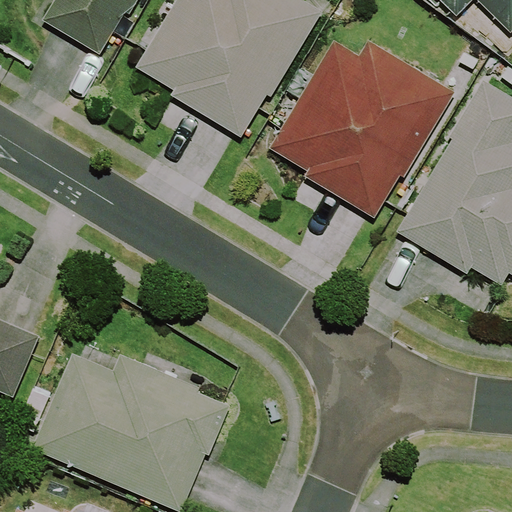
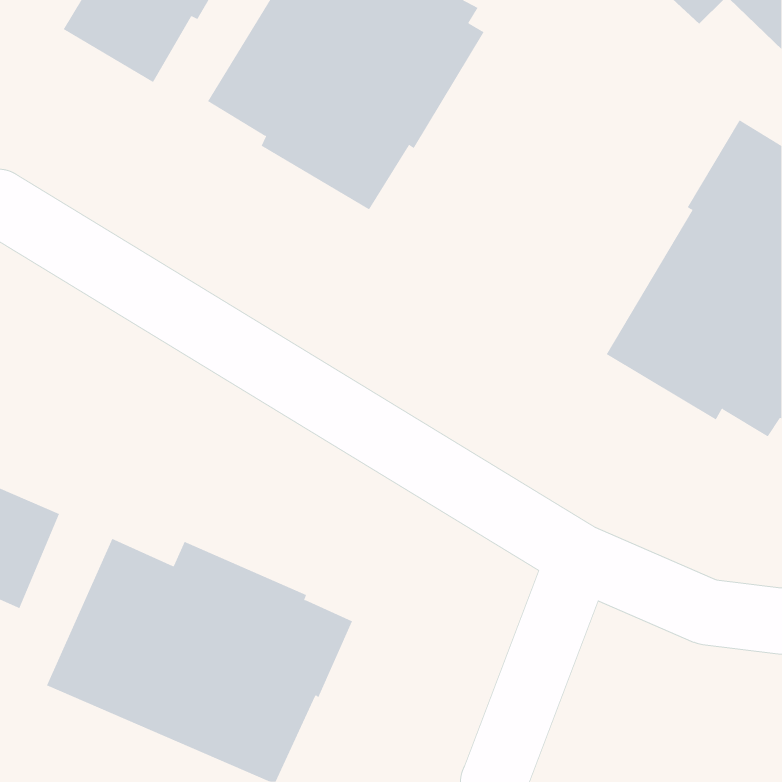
building: [268,38,456,218] -> none

